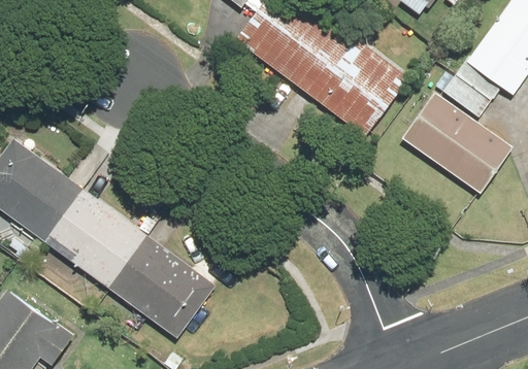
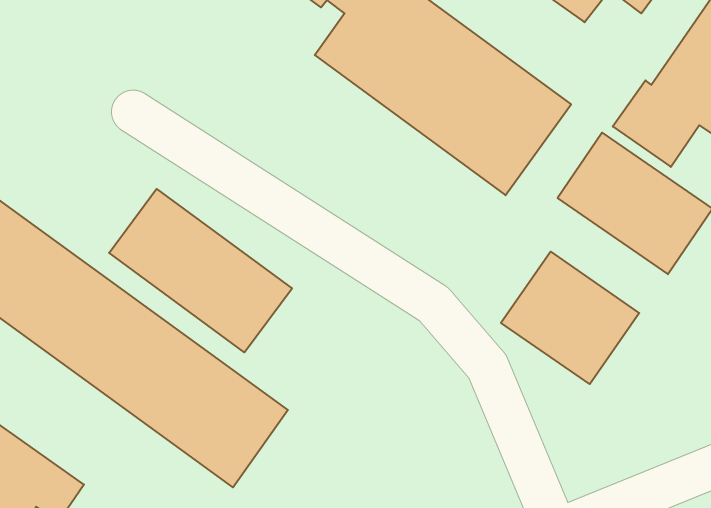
building: none -> [109,189,292,352]
building: none -> [501,252,639,384]

